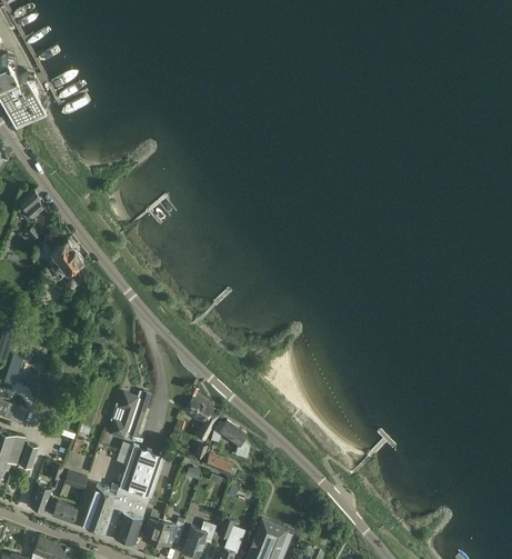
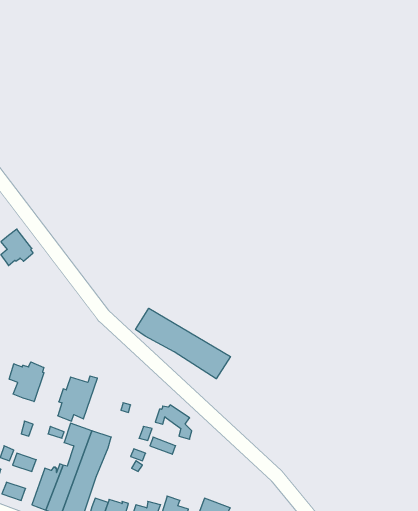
building: none -> [136,308,230,379]
building: none -> [9,362,44,402]
building: [184,396,214,440] -> none

